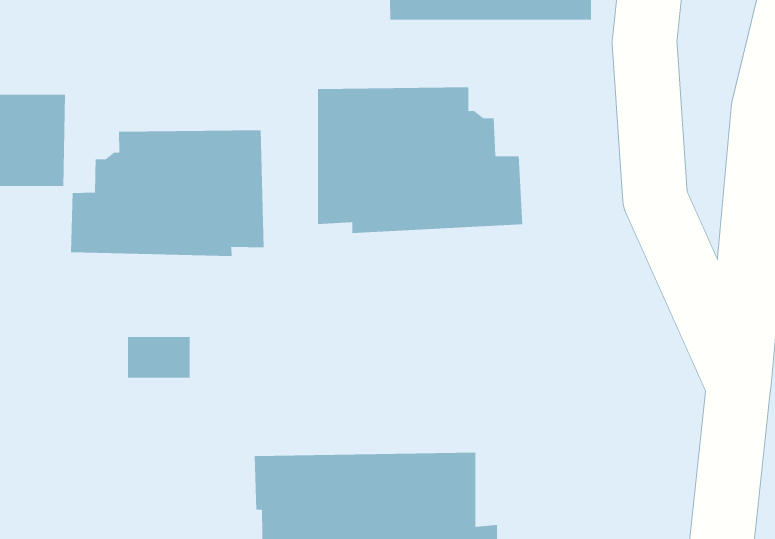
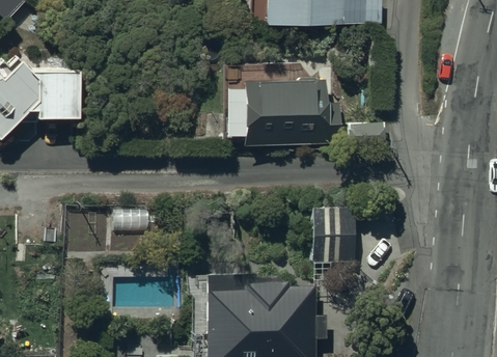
building: [70,129,264,257] -> none
building: none -> [314,209,355,264]

